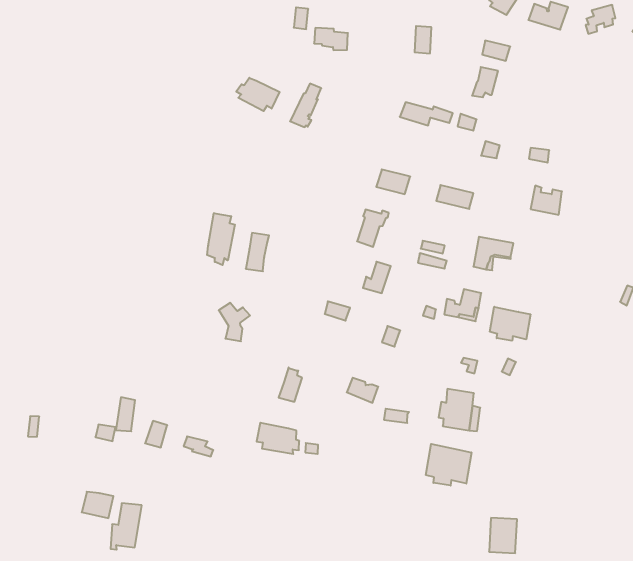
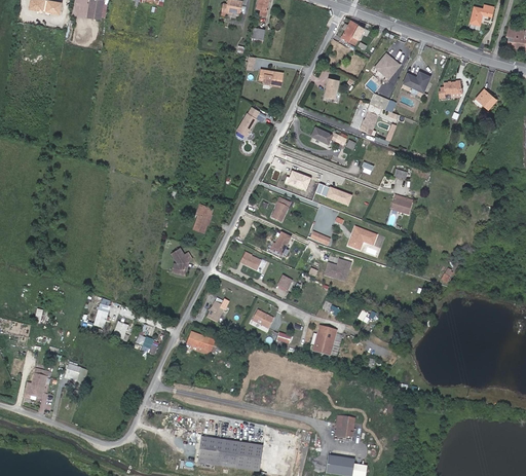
building: [236,78,280,111] -> none
building: [207,213,235,265] -> none
building: [490,307,530,341] -> none
building: [426,444,471,486] -> none
building: [111,503,142,550] -> [24,367,48,398]

